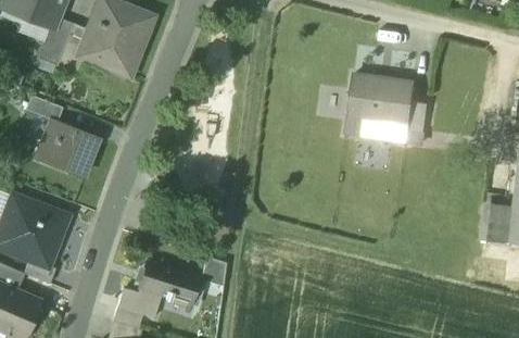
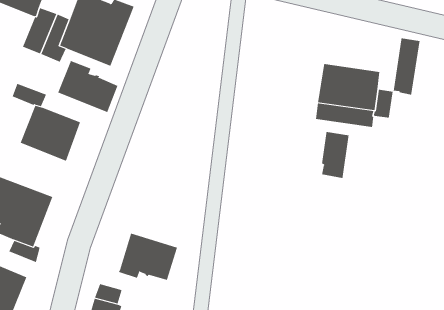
building: none -> [393,37,420,95]
building: none -> [58,60,118,113]
building: none -> [321,131,349,179]
building: [118,288,159,317] -> none

